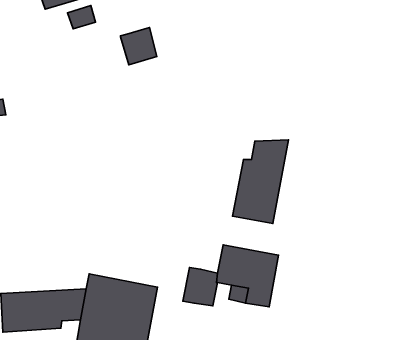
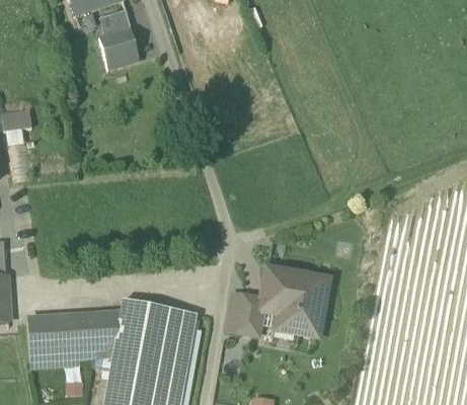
building: [120,28,157,65] -> [99,26,139,67]
building: [232,140,289,223] -> none

